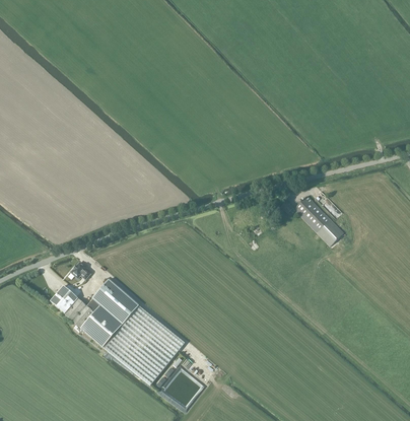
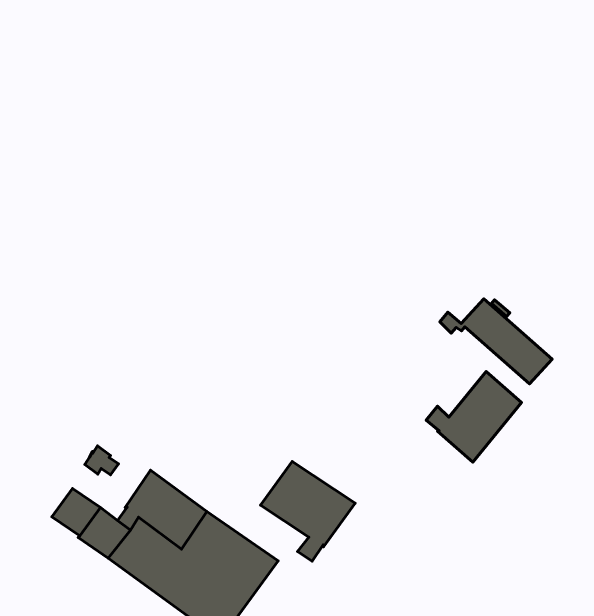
building: none -> [426,371,521,462]
building: none -> [260,461,355,561]

